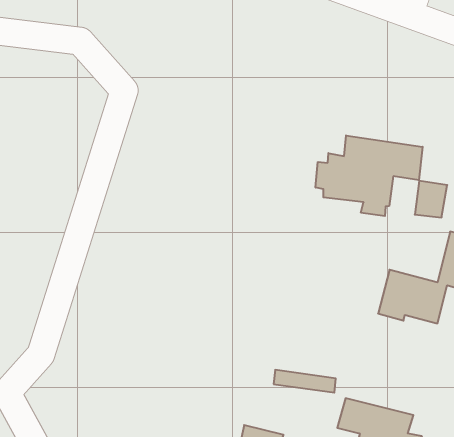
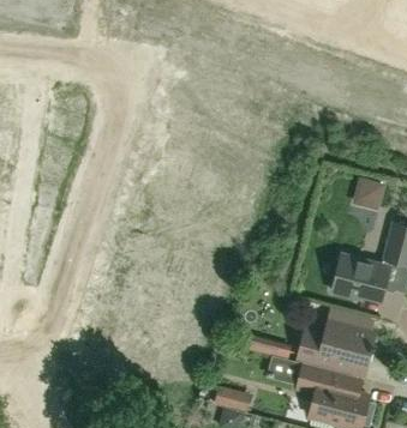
building: [316,135,423,216] -> none
building: none -> [298,317,376,372]

